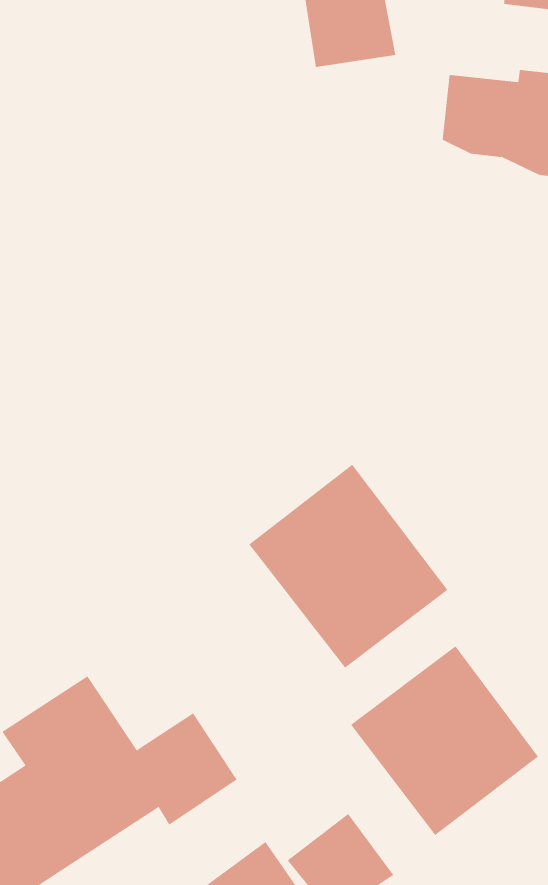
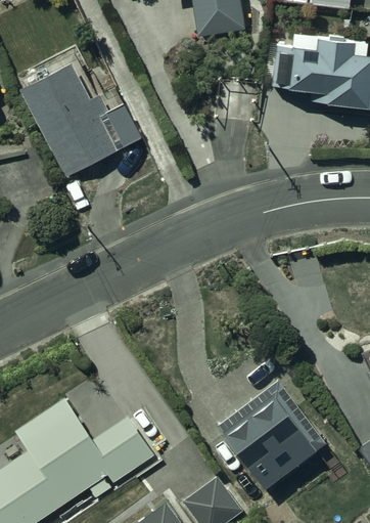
building: none -> [22,61,143,183]
building: [249,464,448,669] -> none

